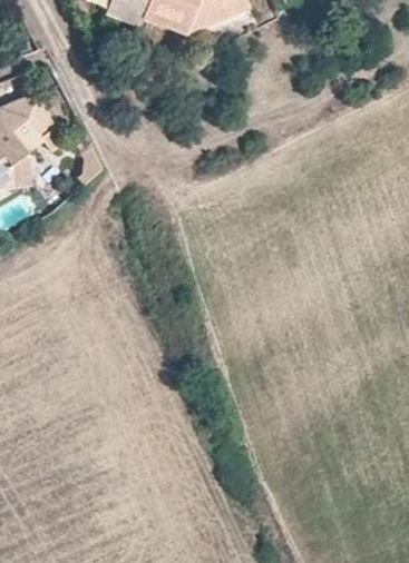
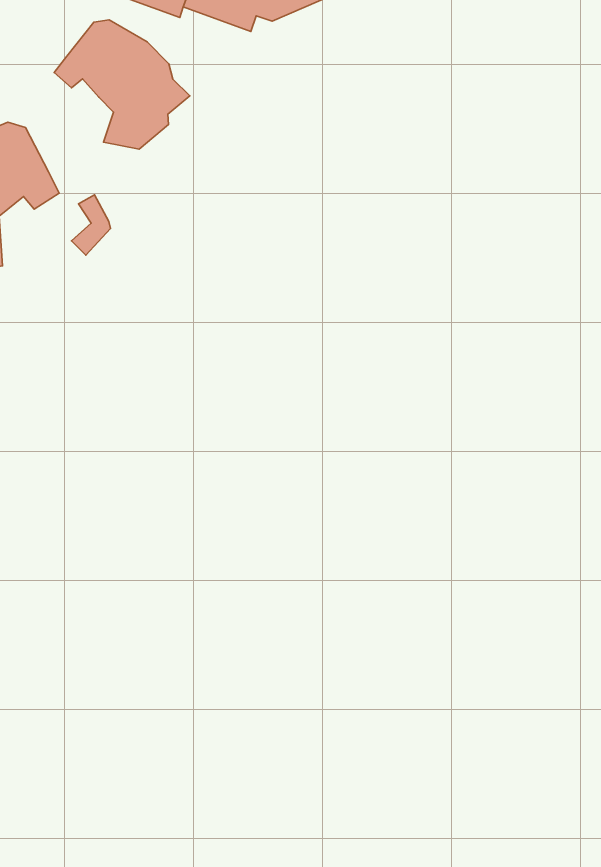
building: none -> [54,20,190,149]

